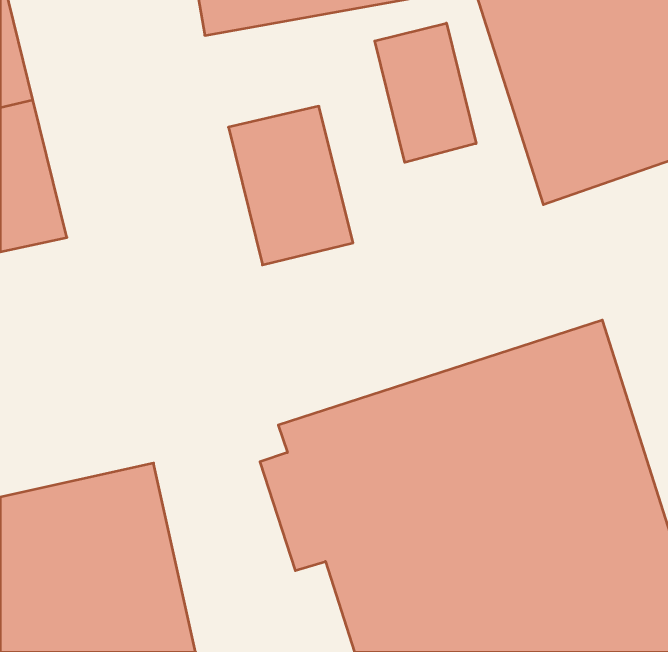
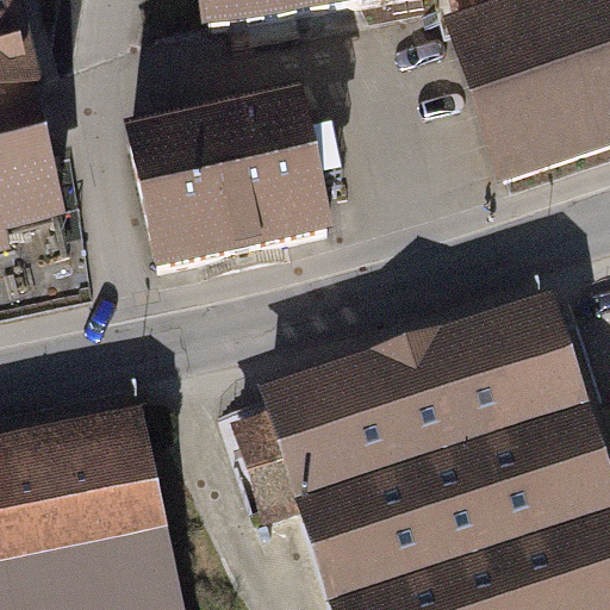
building: [375,23,476,162] -> none
building: none -> [132,116,241,260]

